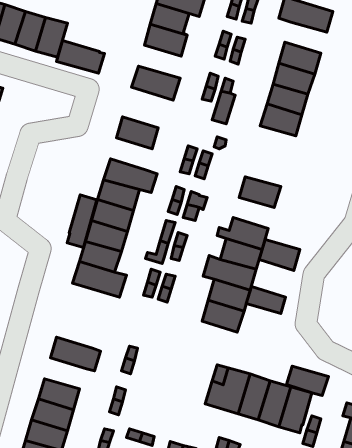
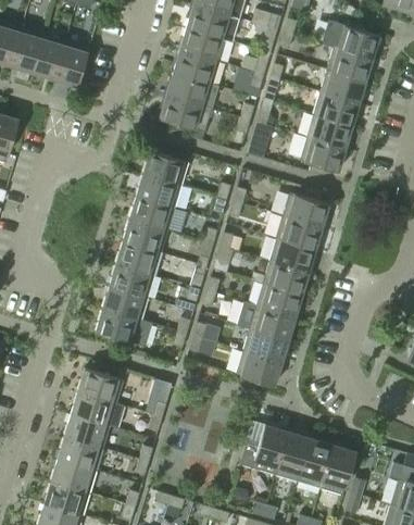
building: none -> [326,48,372,82]
building: [57,40,104,73] -> [166,73,218,109]
building: none -> [136,174,181,209]
building: none -> [283,193,328,227]
building: [67,195,97,248] -> none
building: [259,240,300,270] -> [269,239,314,273]
building: [246,286,286,314] -> none
building: none -> [77,368,123,403]
building: none -> [64,414,110,448]
building: [286,366,328,396] -> none

